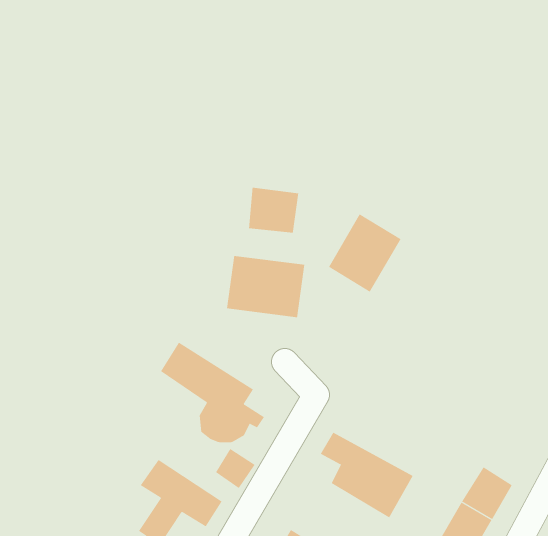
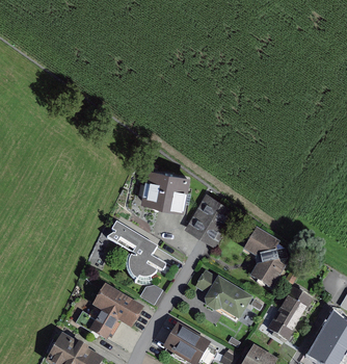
building: [249,187,299,234] -> none
building: [328,214,401,293] -> [186,197,228,241]
building: none -> [243,230,290,287]

